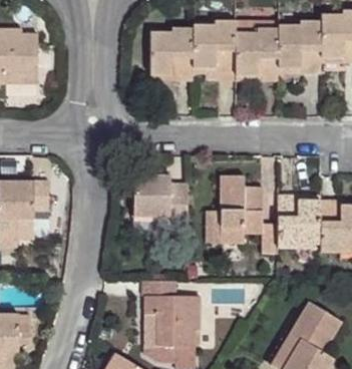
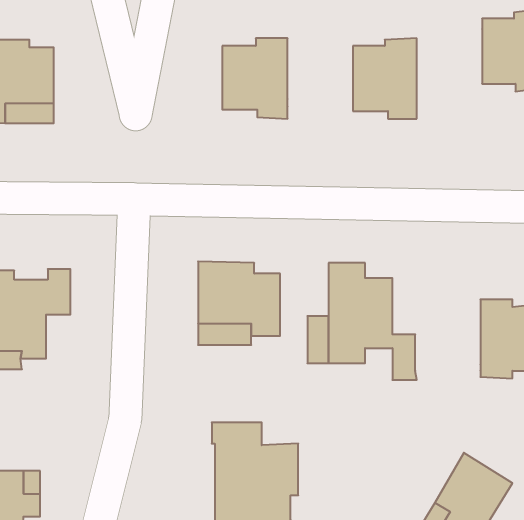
building: [193,21,236,73] -> none
building: [278,22,321,74] -> none
building: [277,196,320,248] -> none

